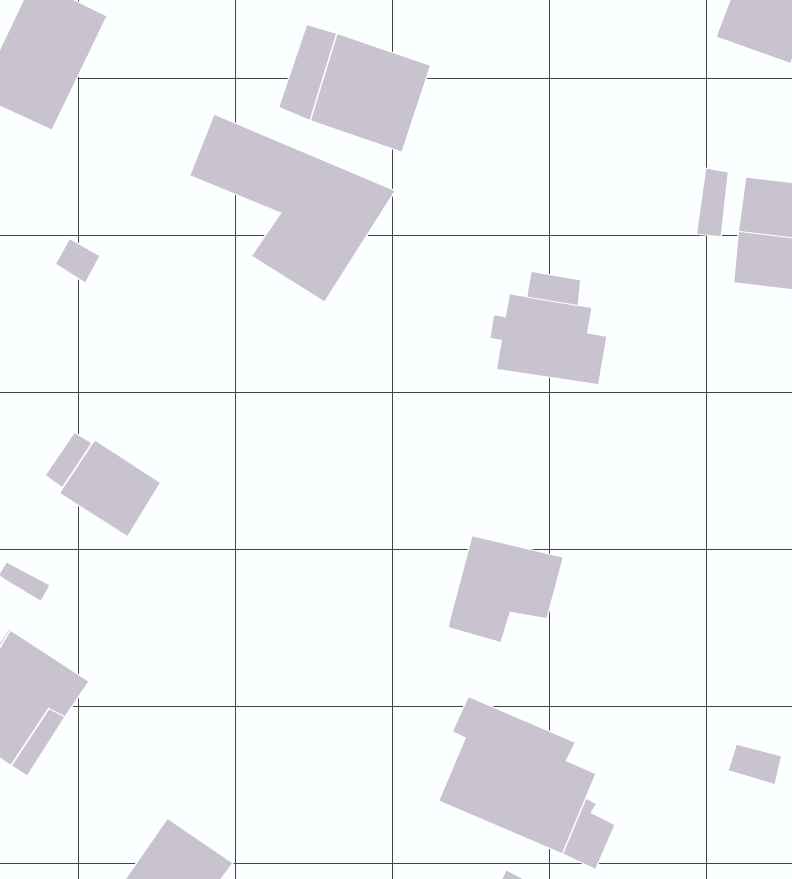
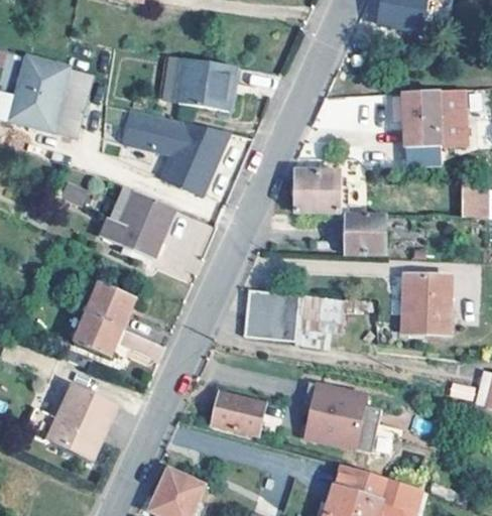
building: none -> [49,68,93,137]
building: none -> [102,184,175,262]
building: none -> [345,215,384,255]
building: none -> [72,313,123,359]
building: none -> [244,292,297,344]
building: none -> [402,274,449,333]
building: none -> [211,393,264,436]

